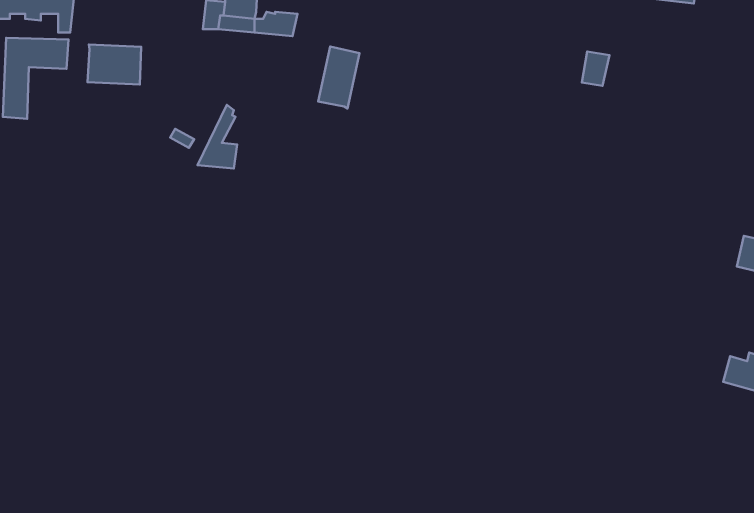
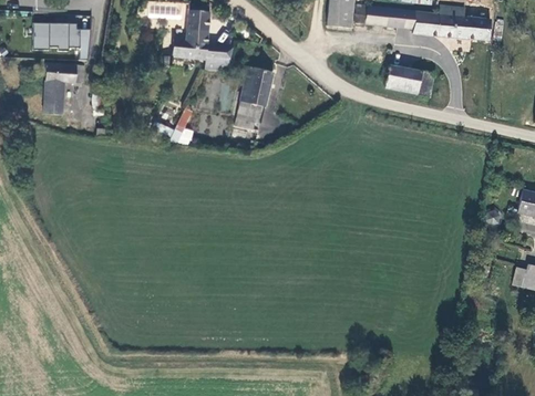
building: none -> [236,65,264,127]
building: none -> [385,65,420,91]
building: [88,44,141,85] -> none

